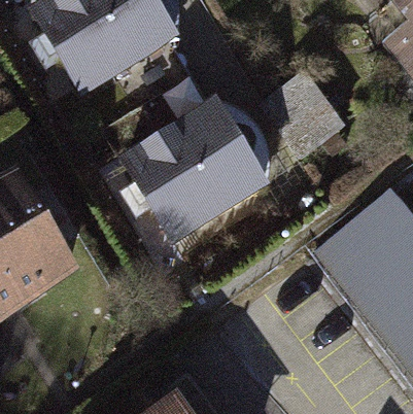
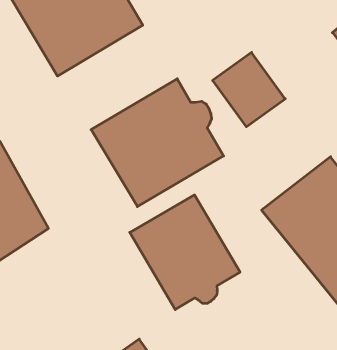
building: none -> [130,195,240,310]

